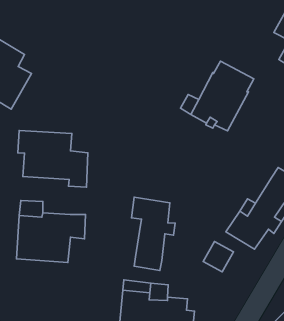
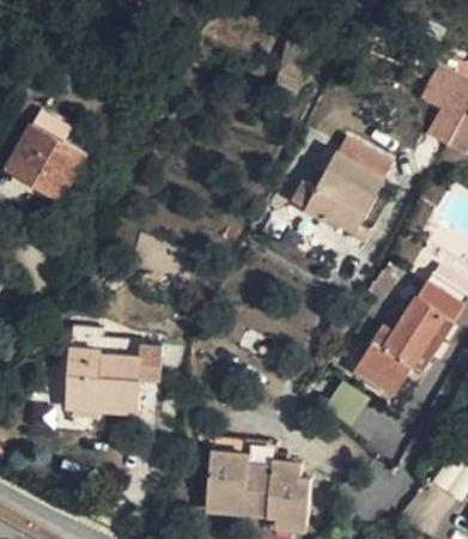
building: [18,130,88,187] -> none
building: [132,197,175,270] -> none

